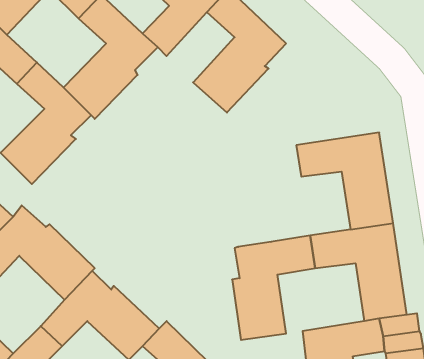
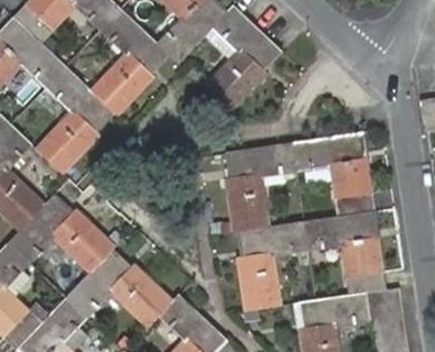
building: none -> [224,141,296,232]

